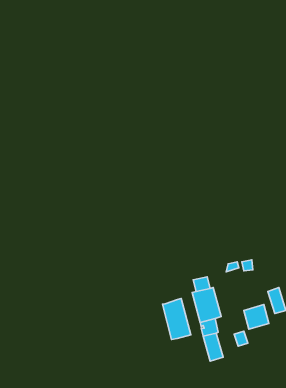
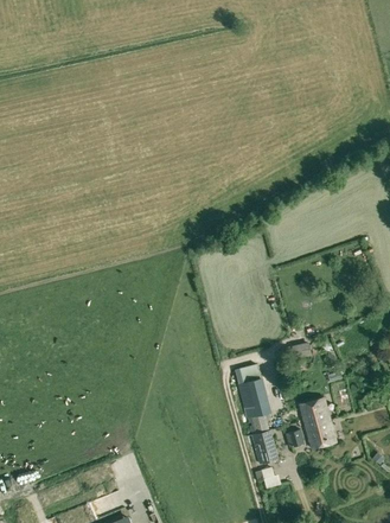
building: [163,299,191,339] -> none
building: none -> [306,420,337,449]

